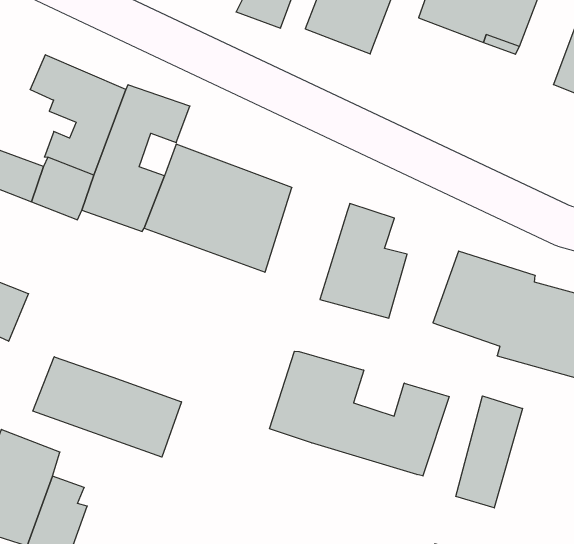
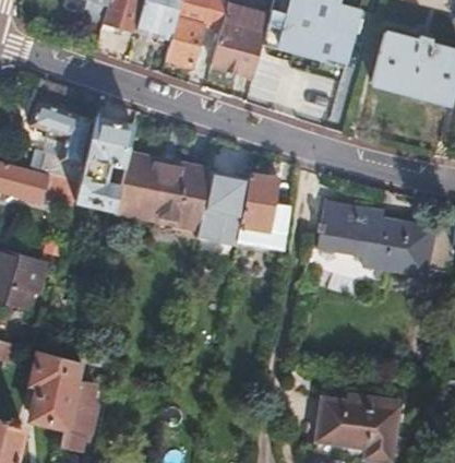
building: none -> [200,176,250,236]
building: [270,351,449,476] -> none
building: [33,357,181,457] -> none
building: [456,396,523,508] -> none

